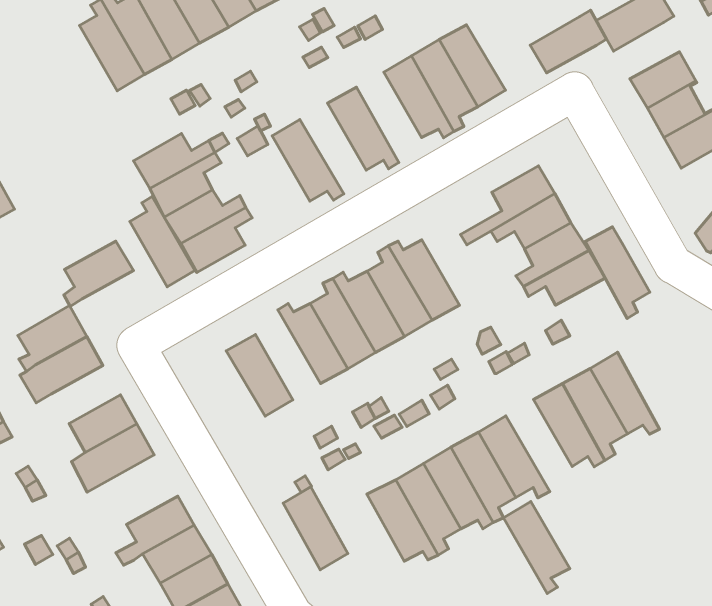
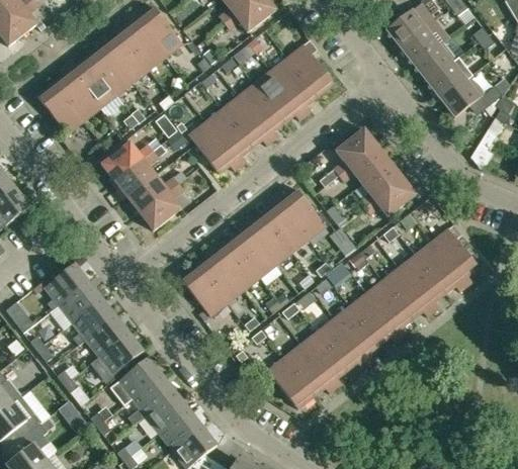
building: [530,10,606,73] -> [401,19,449,64]
building: none -> [37,82,85,133]
building: none -> [239,83,285,139]
building: none -> [205,108,253,165]
building: [130,196,195,287] -> [197,246,244,302]
building: [585,227,650,319] -> [432,228,479,286]
building: [64,241,134,307] -> [72,298,116,345]
building: none -> [110,357,163,404]
building: [283,487,348,570] -> [268,356,315,408]
building: [503,501,570,593] -> [366,279,414,337]

